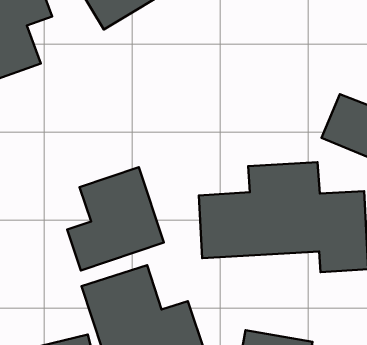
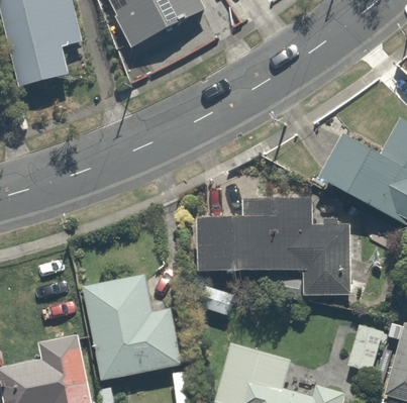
building: [67,167,164,271] -> none

